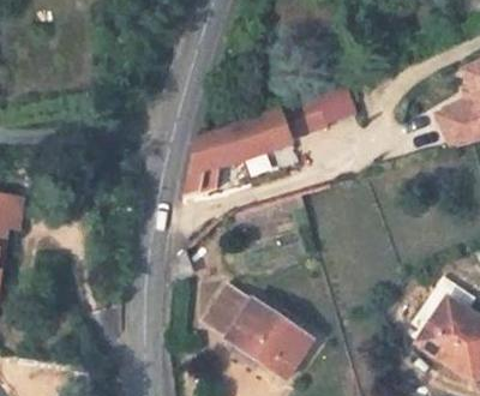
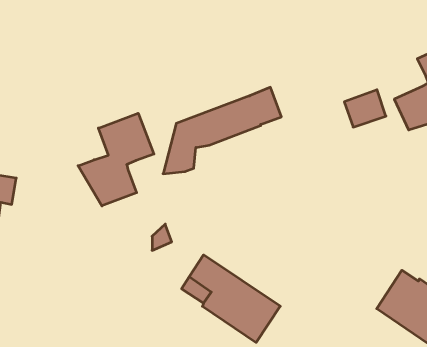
building: [312,83,358,124] -> [344,90,386,127]
building: none -> [78,113,154,206]

